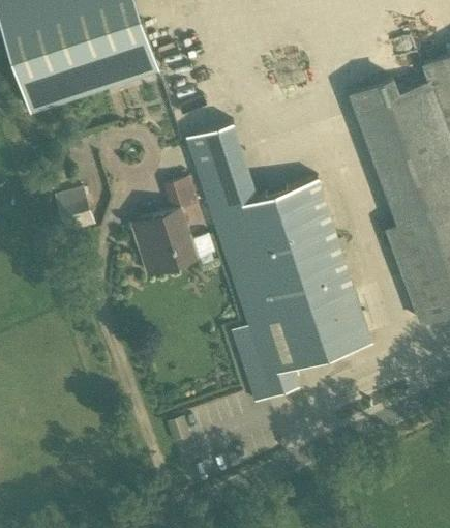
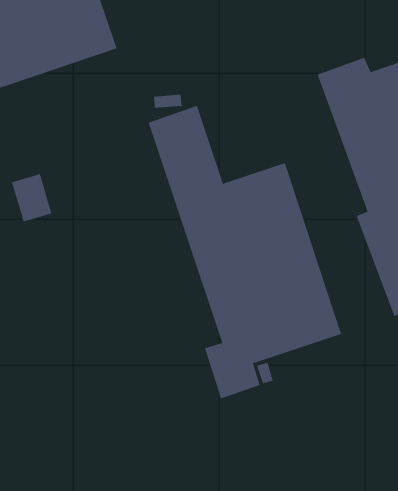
building: [131,178,197,274] -> none

